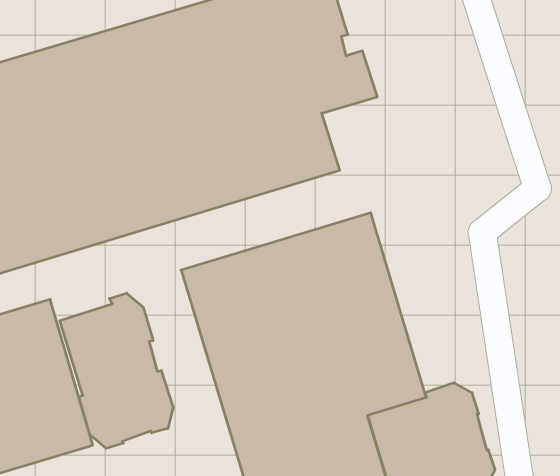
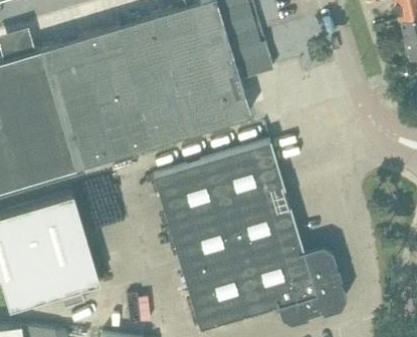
building: [60,293,173,448] -> none

